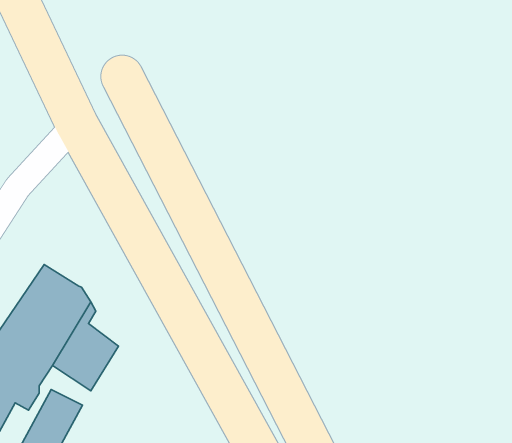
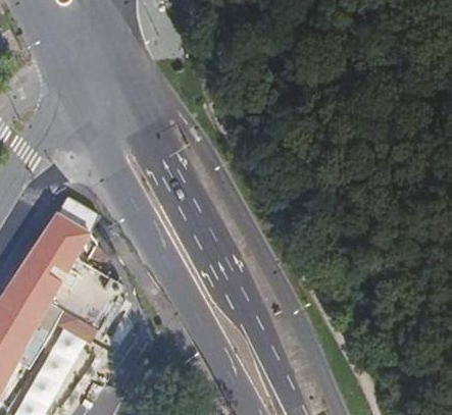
building: none -> [43,218,84,257]

